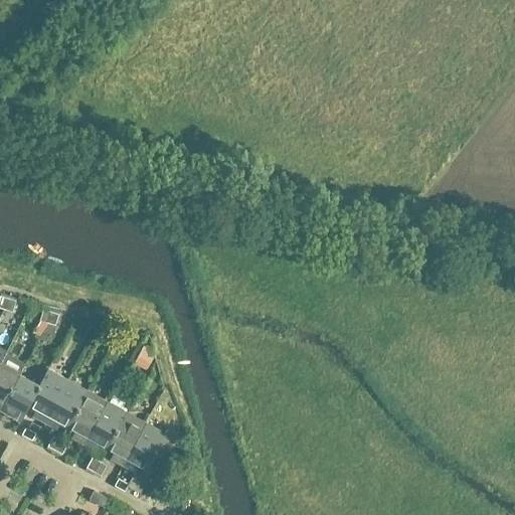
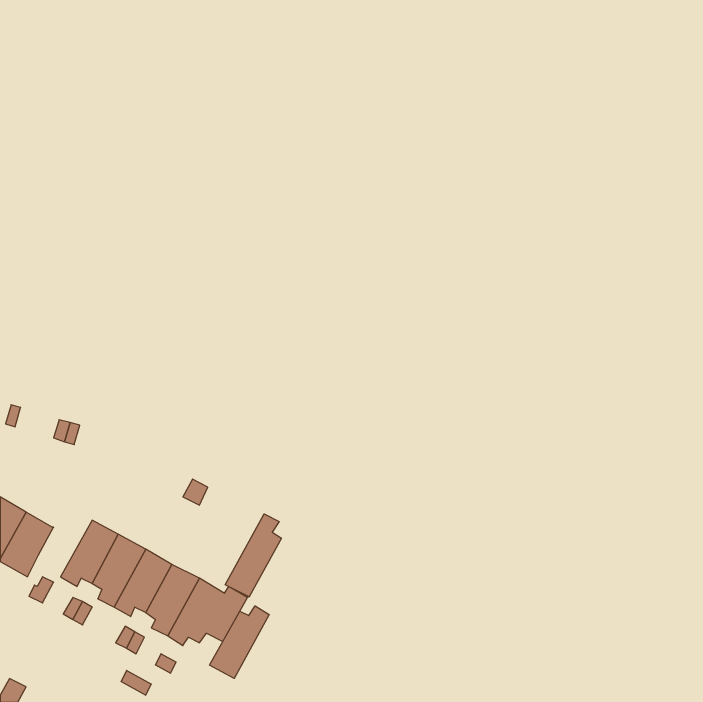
building: [28,369,67,421] -> none
building: none -> [225,514,281,597]
building: none -> [210,606,269,678]

